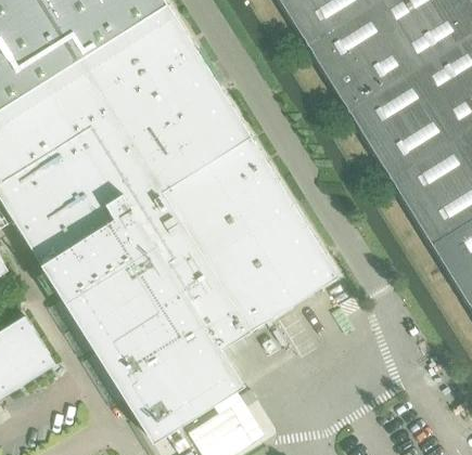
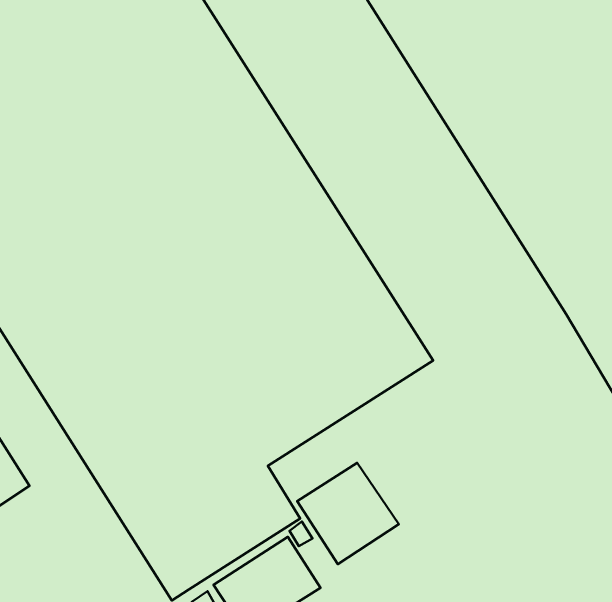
building: none -> [297,463,399,564]

